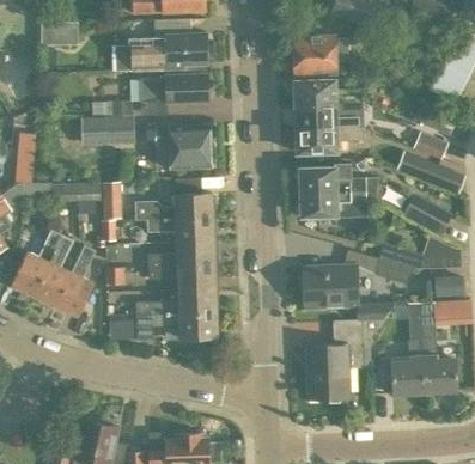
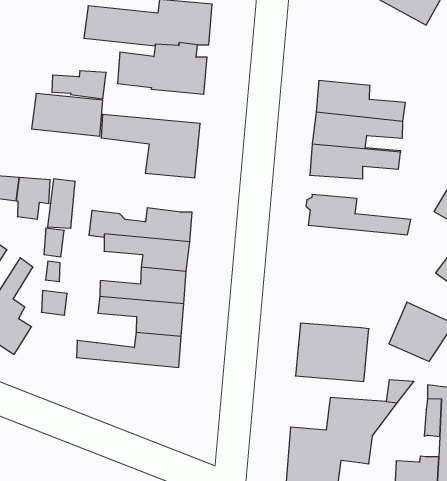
building: [292,36,348,75] -> none
building: [298,190,377,216] -> none
building: [109,313,215,341] -> none

